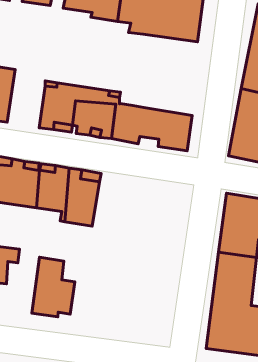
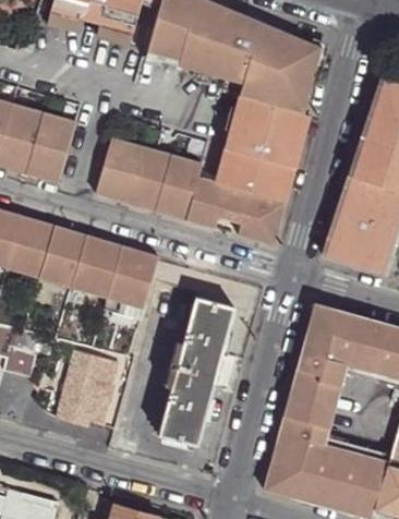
building: none -> [215,94,310,202]
building: none -> [158,297,234,445]

